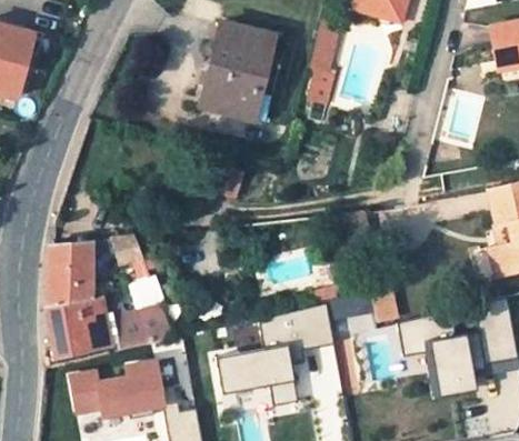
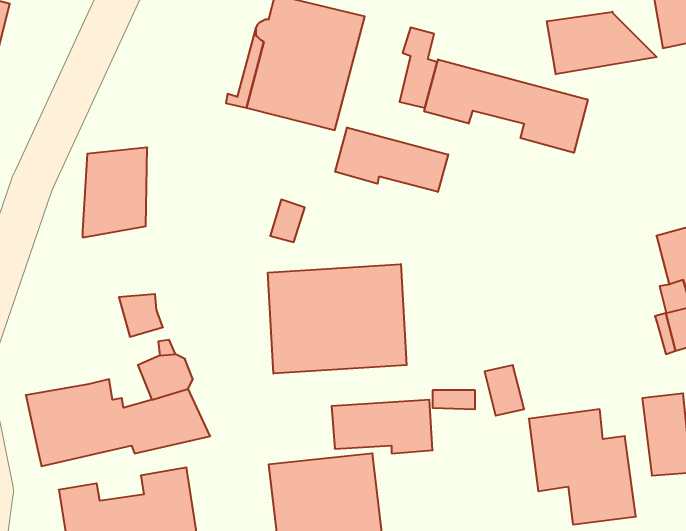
building: none -> [547,12,657,74]
building: none -> [424,59,588,153]
building: none -> [335,127,448,192]
building: none -> [268,264,407,374]
building: [46,243,91,307] -> [83,147,147,237]

